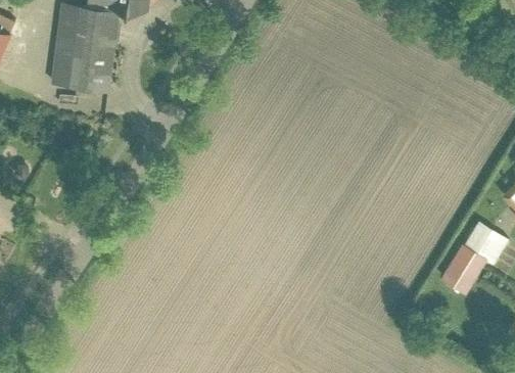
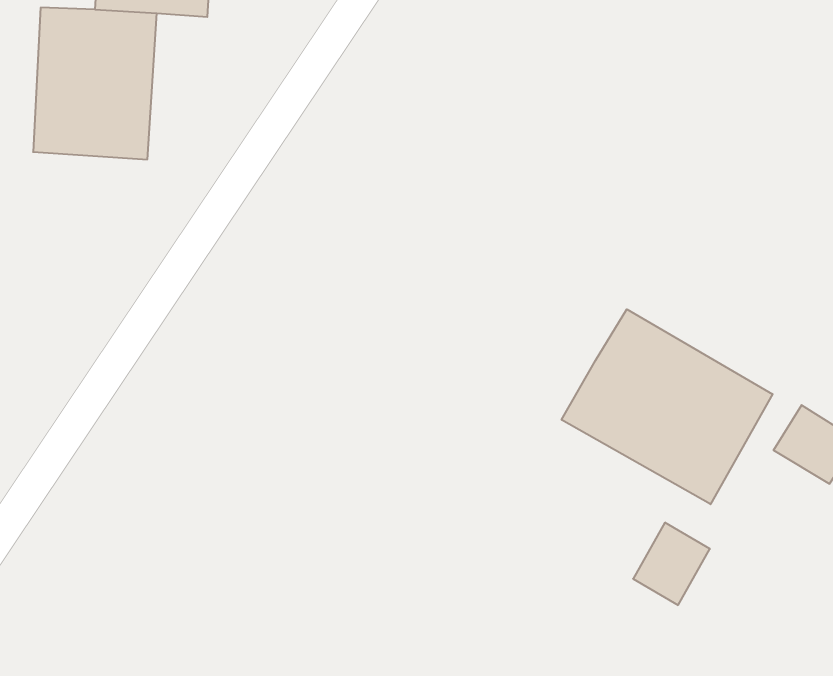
building: none -> [562,309,773,504]
building: [437,249,479,294] -> [633,523,710,605]

